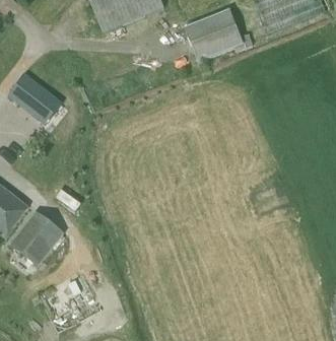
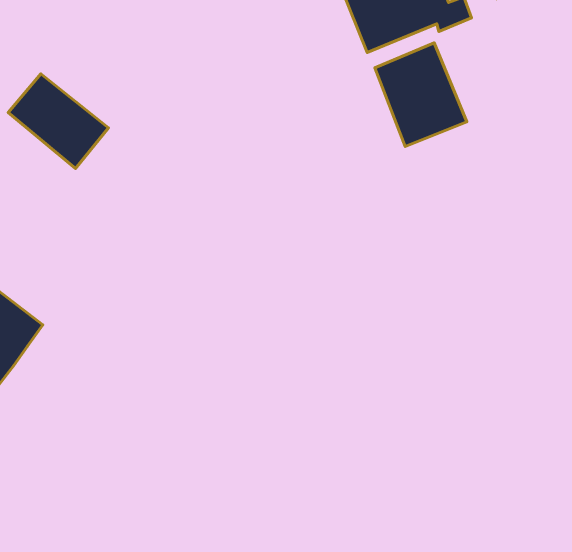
building: none -> [375,43,467,147]
building: [10,212,62,265] -> none

